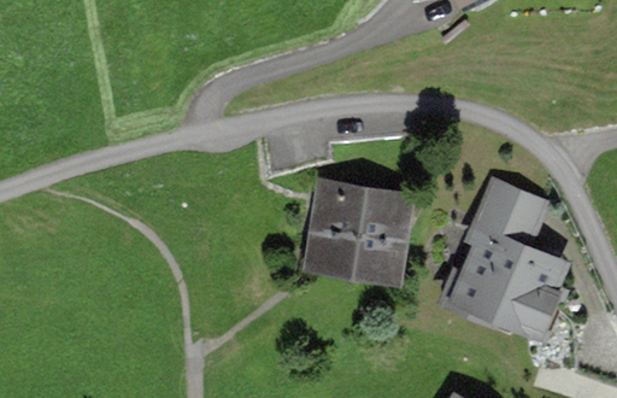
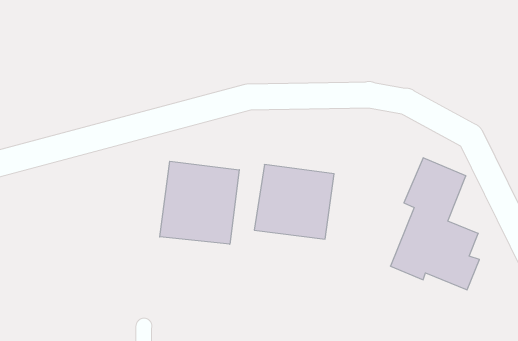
building: none -> [160,161,239,244]

